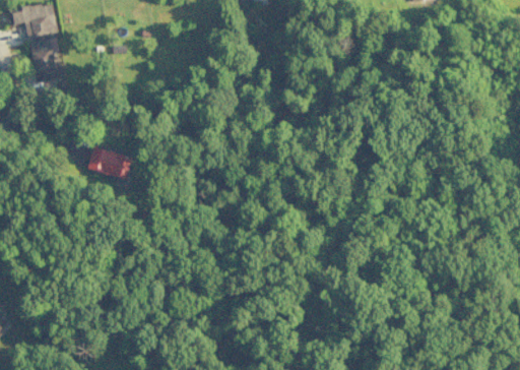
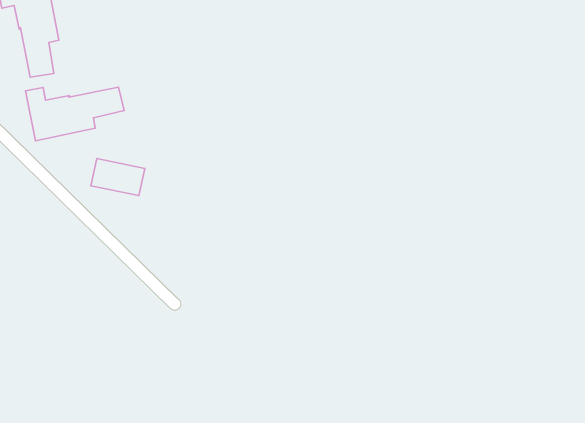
building: none -> [26,87,124,141]

